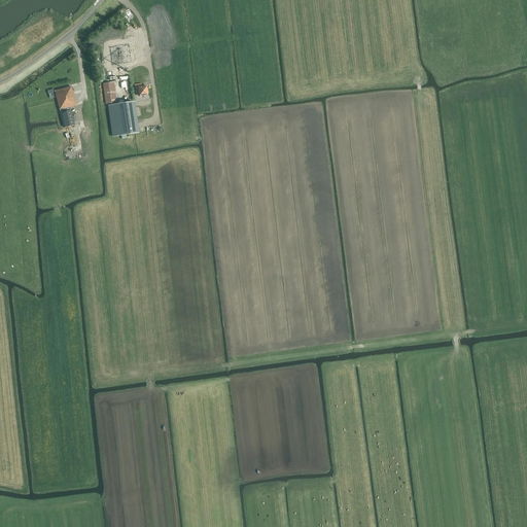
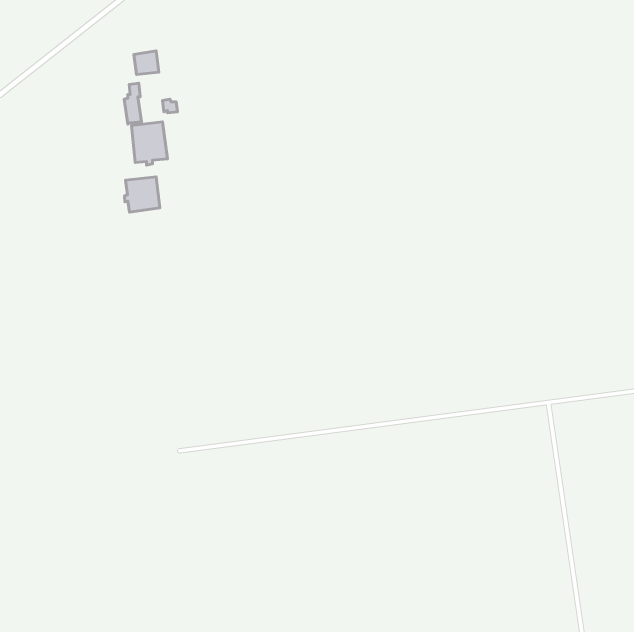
building: [55,85,76,126] -> none
building: none -> [125,177,160,212]

